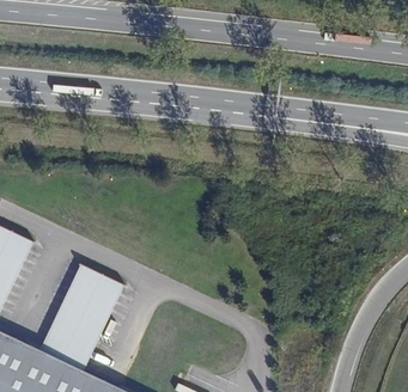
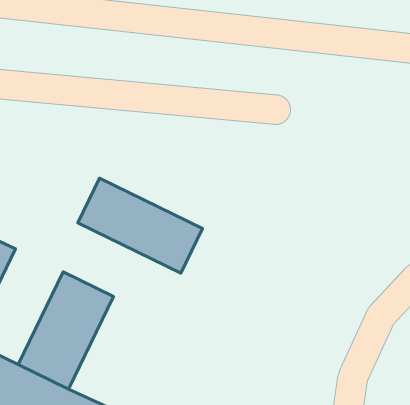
building: none -> [78,178,202,273]

